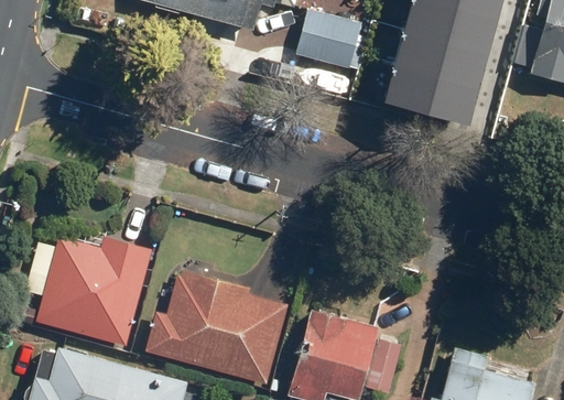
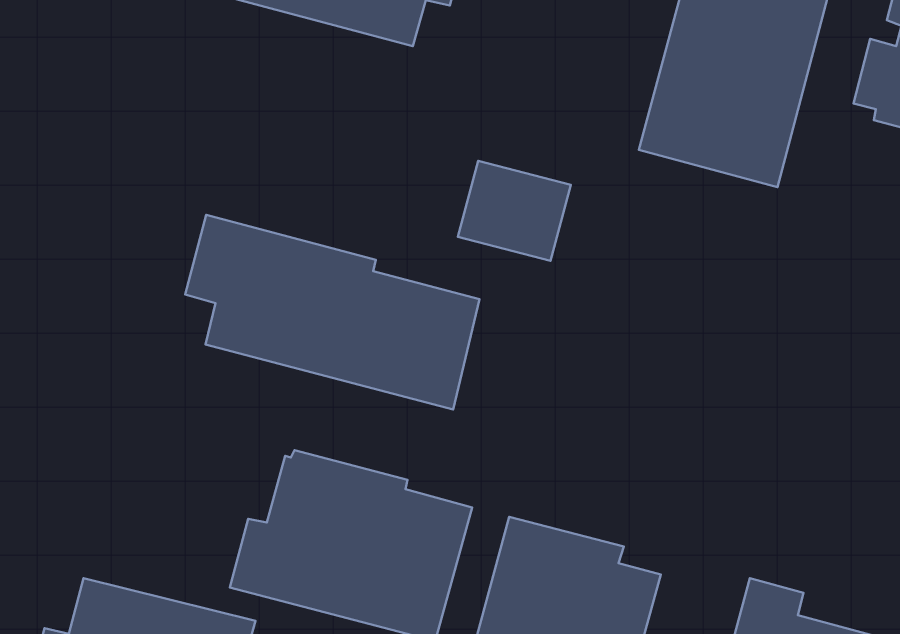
building: [296,9,364,68] -> [458,161,571,261]
building: none -> [185,215,479,409]
building: [28,235,153,347] -> none

